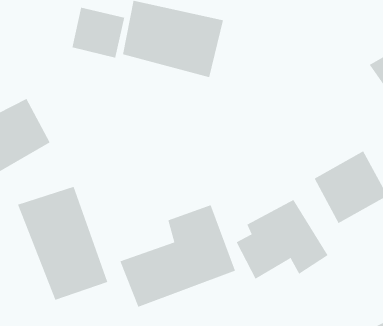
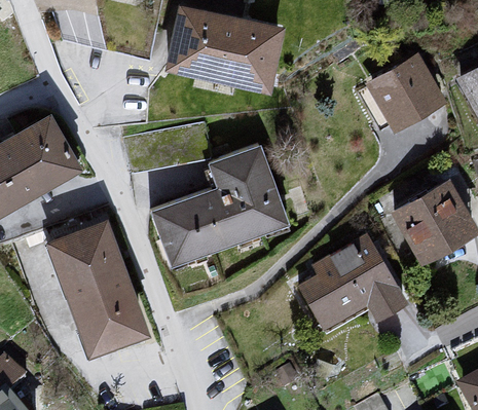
building: [72,7,125,58] -> none
building: none -> [362,52,445,133]
building: [119,204,236,308] -> [151,144,288,265]

